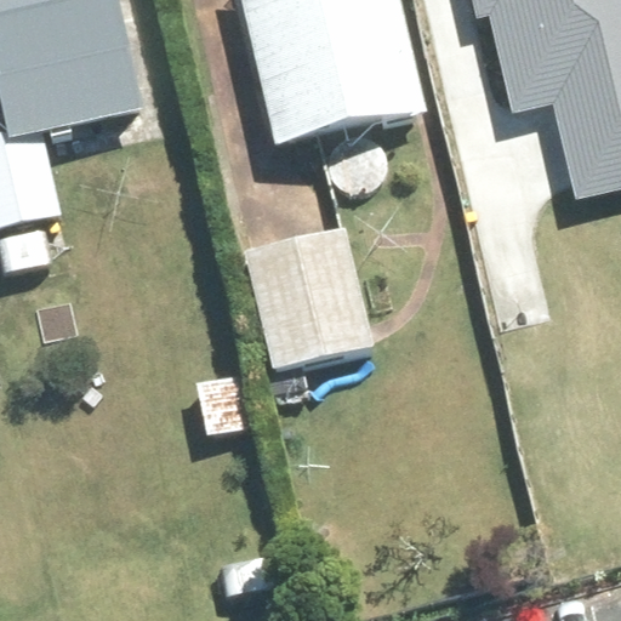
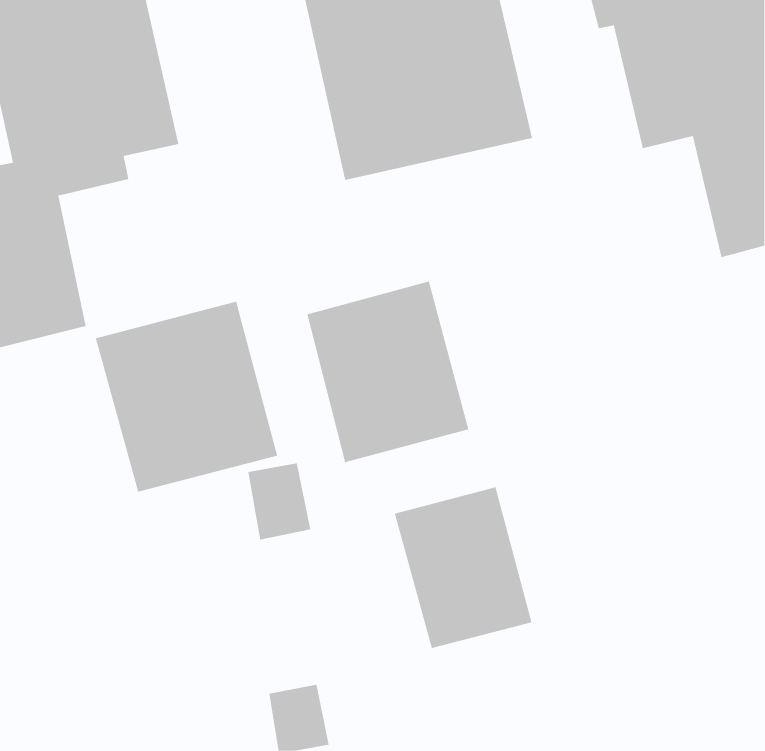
building: none -> [95,301,278,492]
building: none -> [394,487,532,649]

